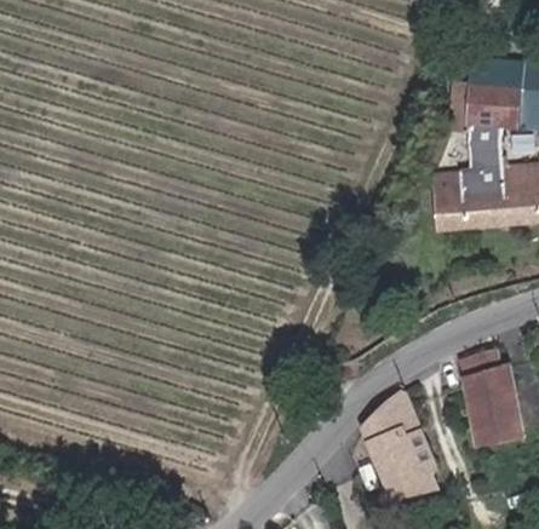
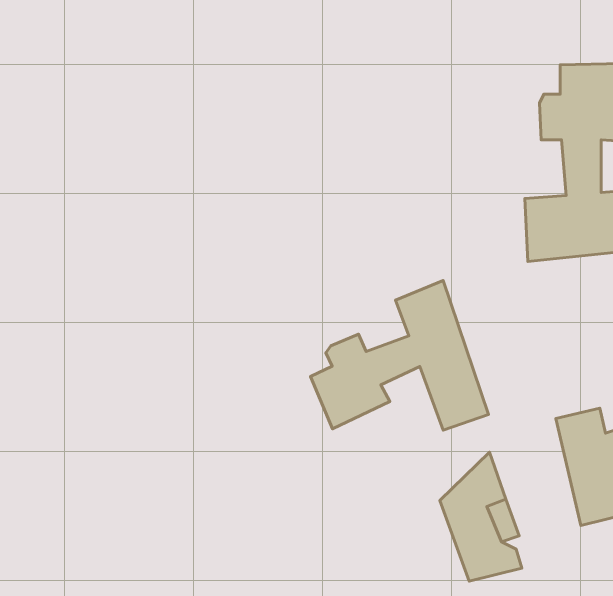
building: none -> [310,281,489,430]

